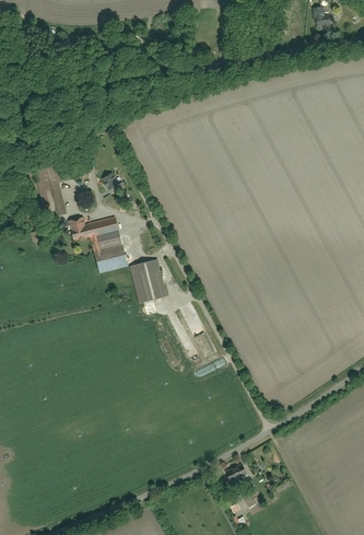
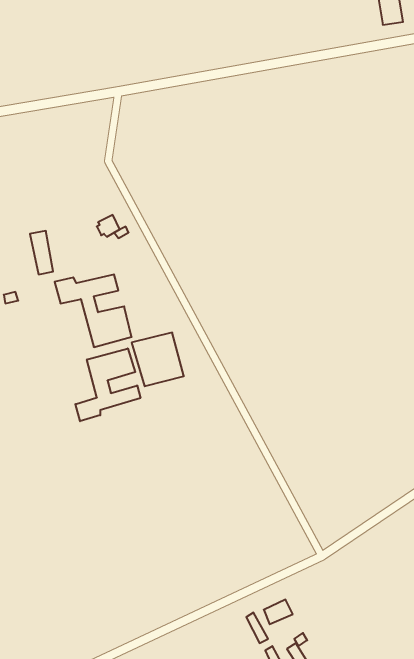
building: [34,165,61,188] -> none
building: none -> [75,348,140,421]

